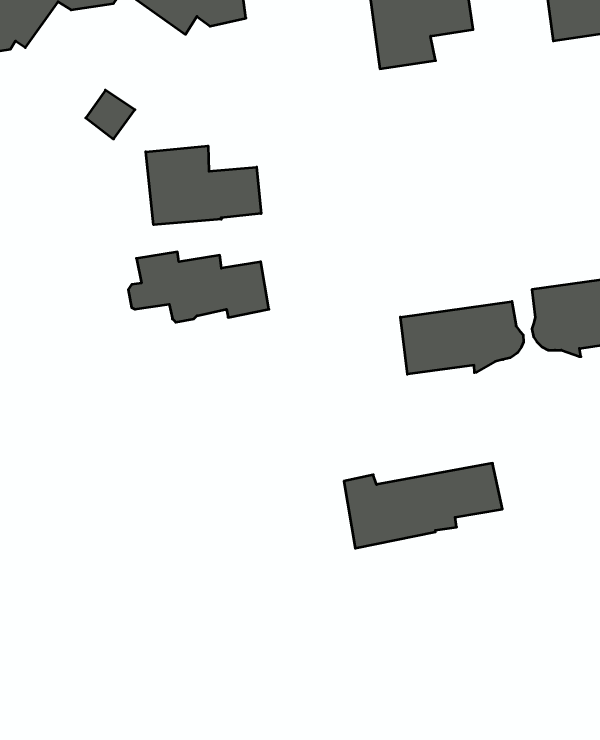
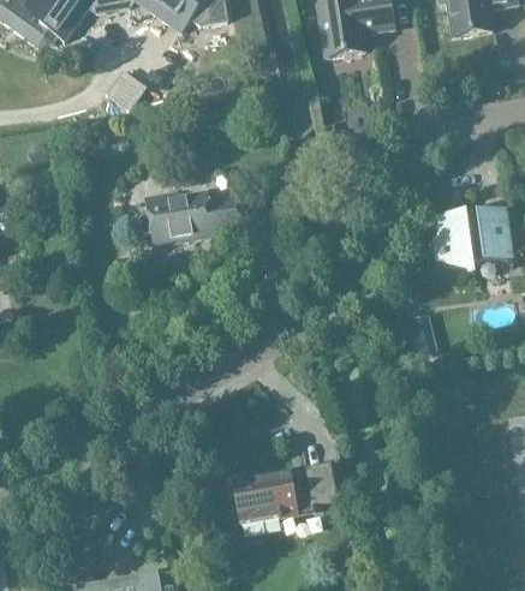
building: [146,146,261,225] -> none
building: [400,301,524,374] -> none
building: [344,463,502,548] -> [232,462,348,525]

